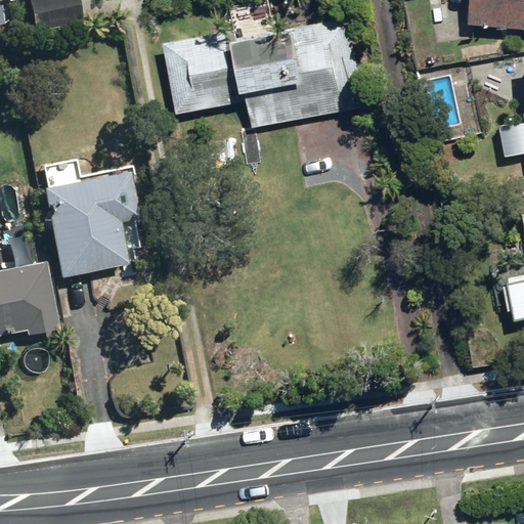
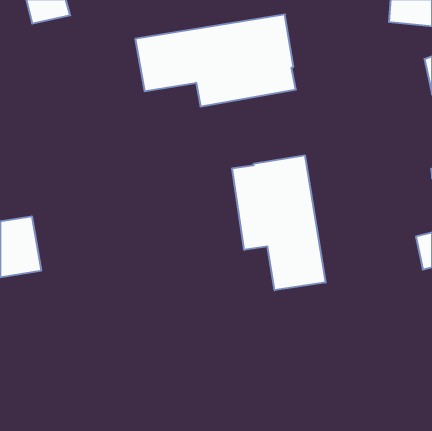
building: [45,170,139,273] -> none
building: none -> [232,155,326,290]

